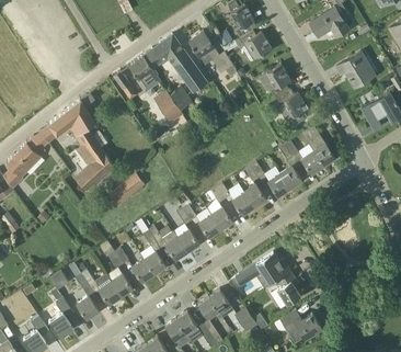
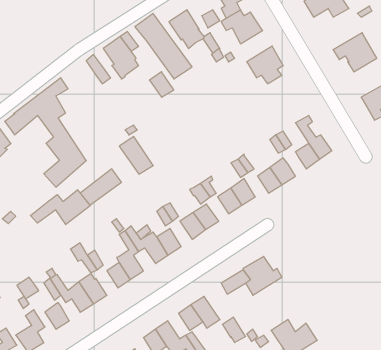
building: [152,90,183,124] -> [119,136,153,174]
building: [276,90,308,123] -> none
building: none -> [30,190,90,225]
building: [275,271,300,306] -> none

